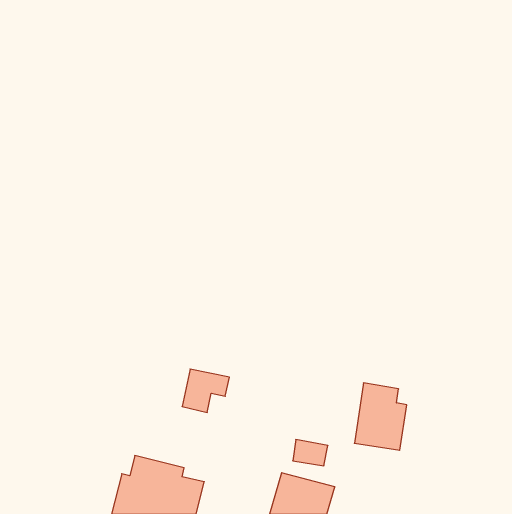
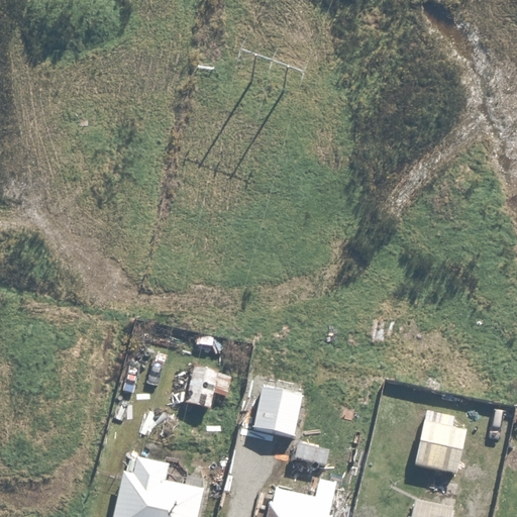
building: [354,383,407,450] -> [412,410,464,478]
building: none -> [248,391,301,440]

